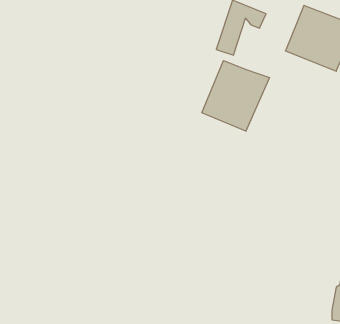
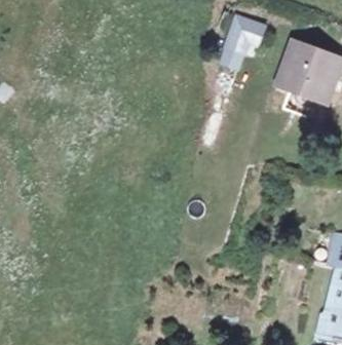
building: [202,61,269,131] -> none

